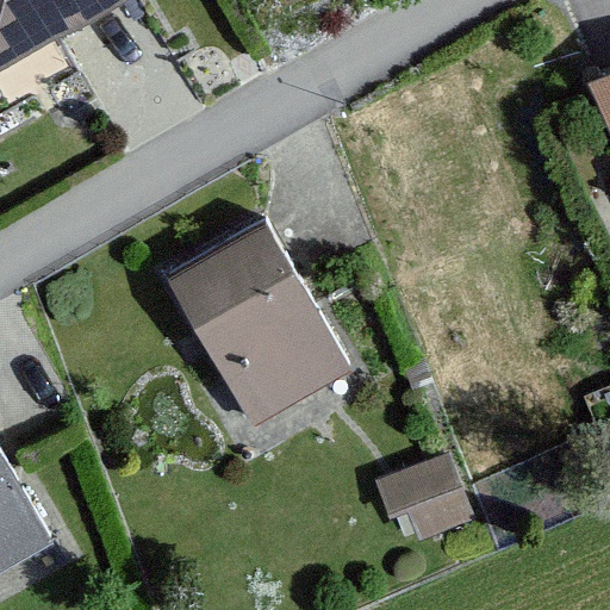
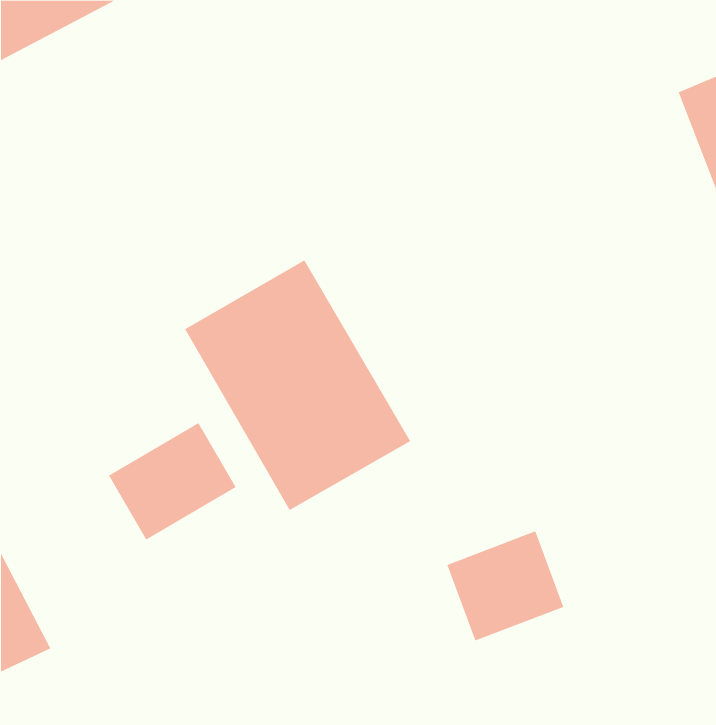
building: none -> [108,422,237,541]

